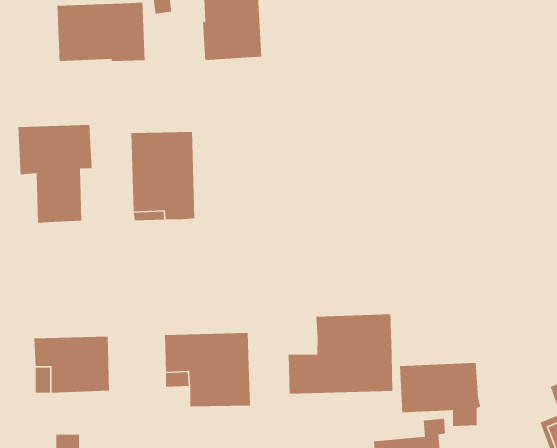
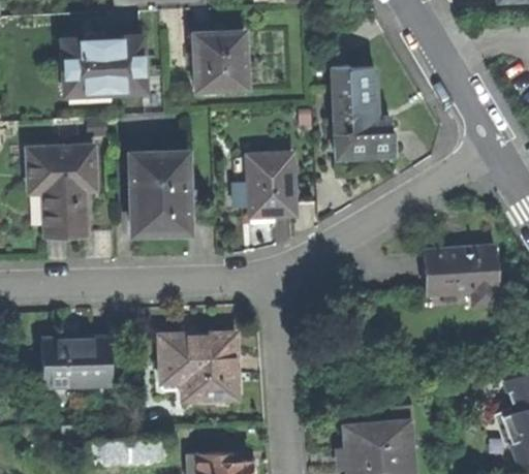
building: none -> [332,64,395,158]
building: none -> [248,154,294,216]
building: [288,314,393,394] -> none
building: [399,362,481,427] -> [424,249,497,307]

